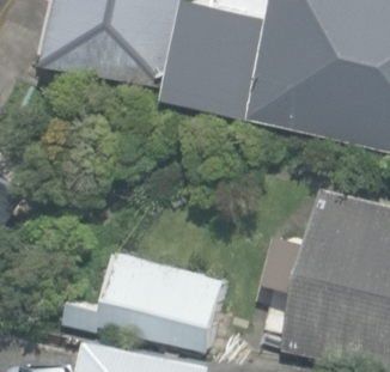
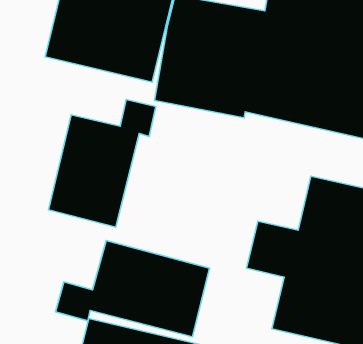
building: none -> [48,99,156,227]

